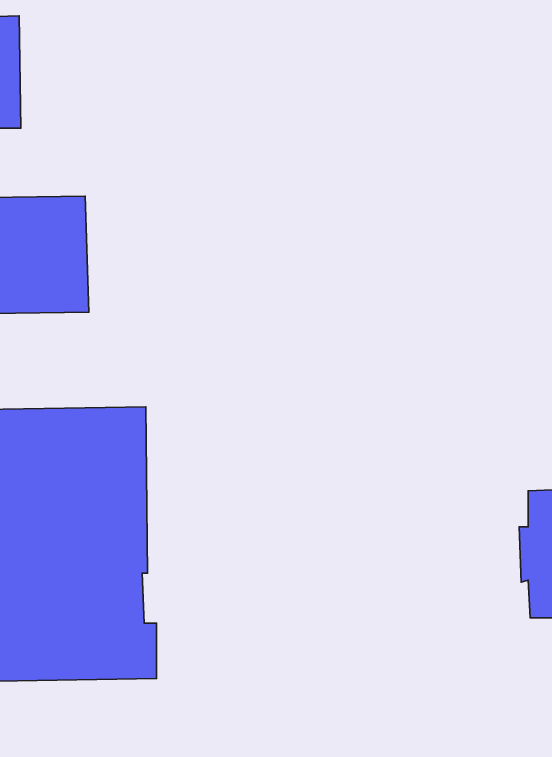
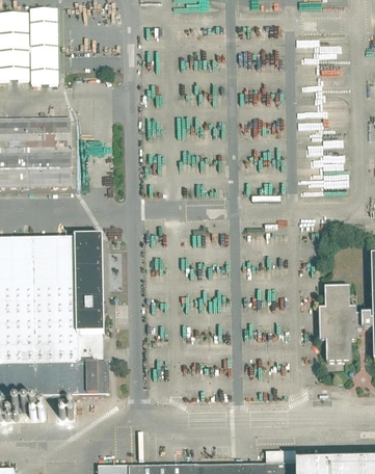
building: none -> [30,8,56,83]

